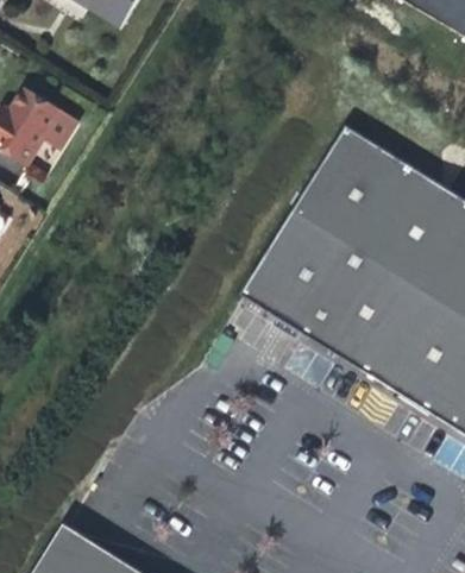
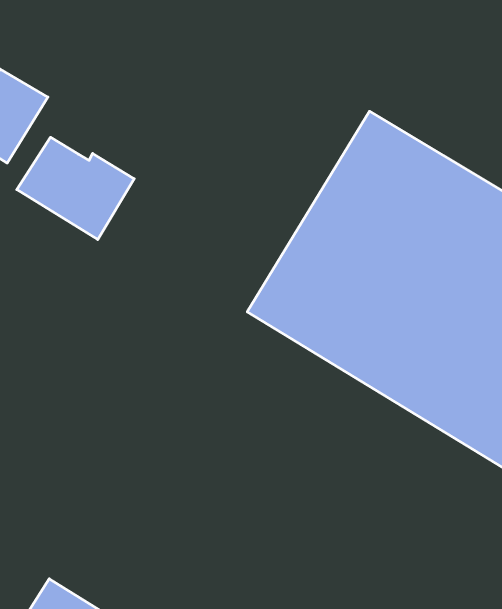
building: none -> [17,137,134,240]

